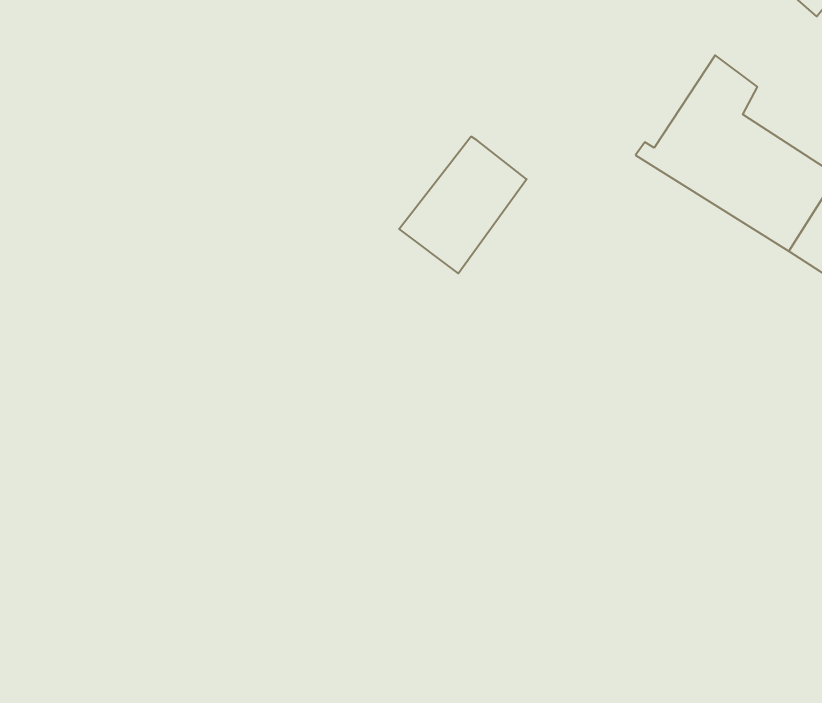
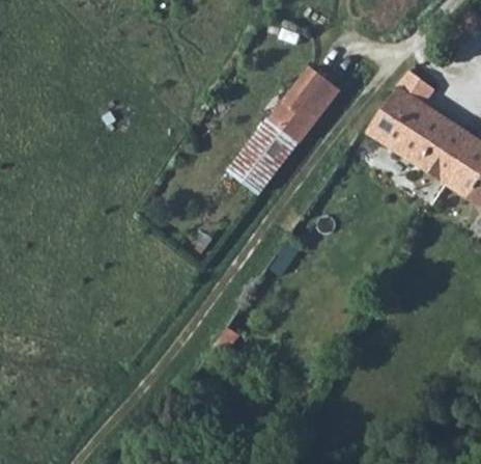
building: none -> [272,65,339,140]

